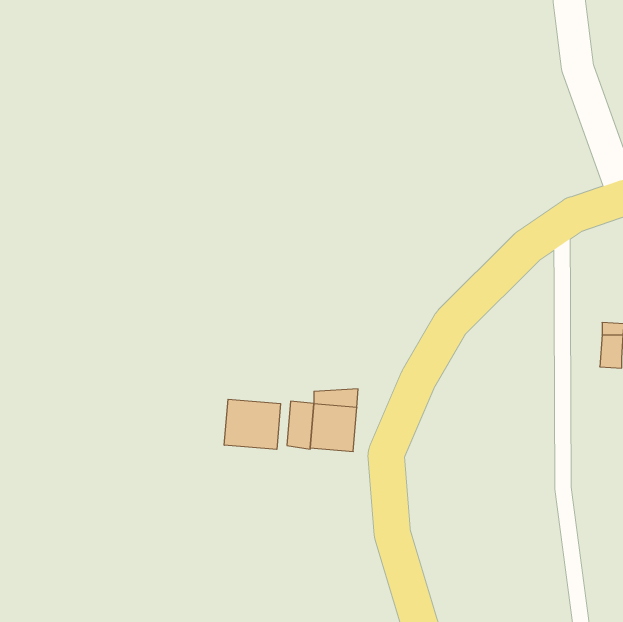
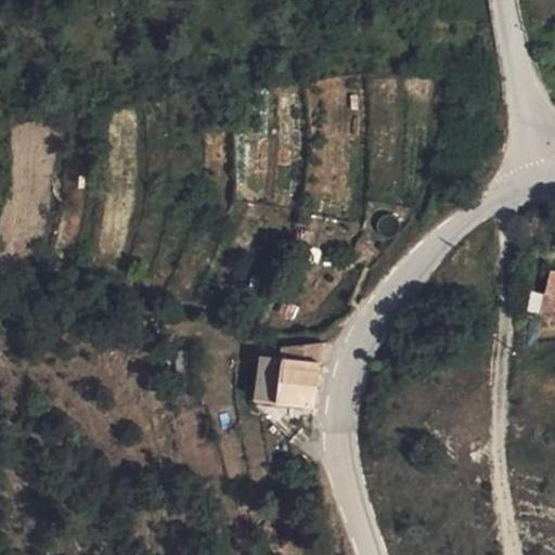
building: [224,399,281,449] -> none

